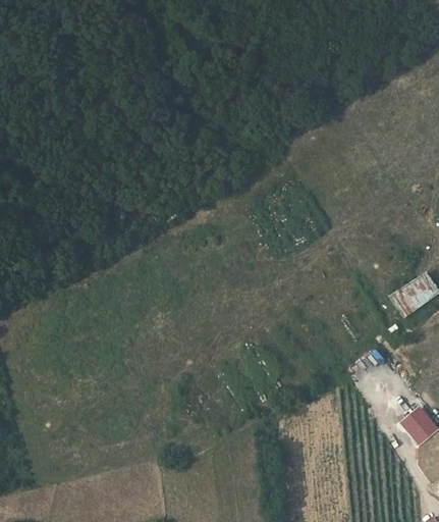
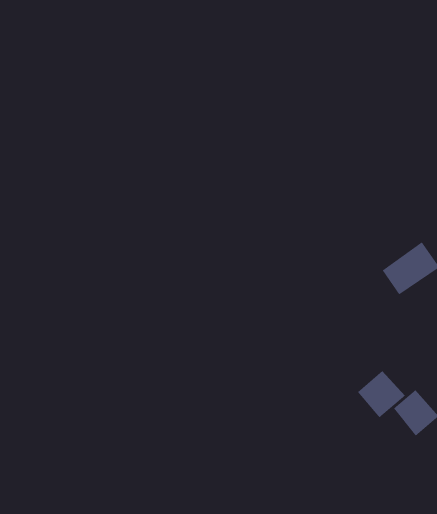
building: none -> [357,370,406,418]

